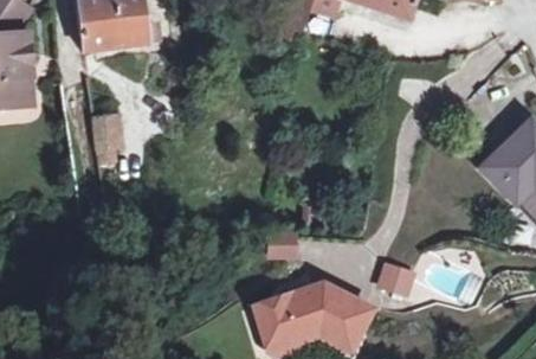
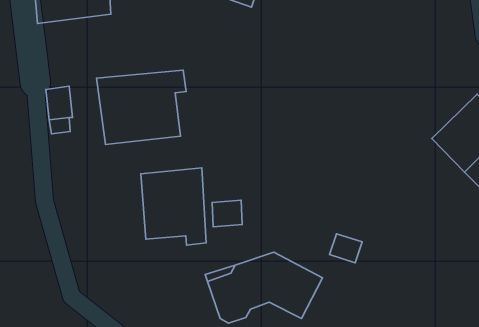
building: none -> [97,70,186,144]
building: none -> [141,168,206,245]

